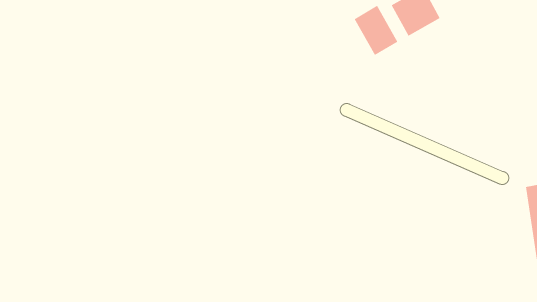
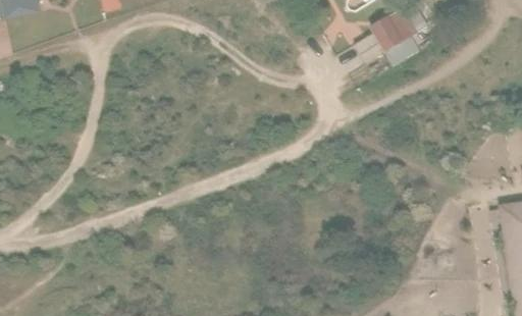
building: [354,5,398,56] -> none

